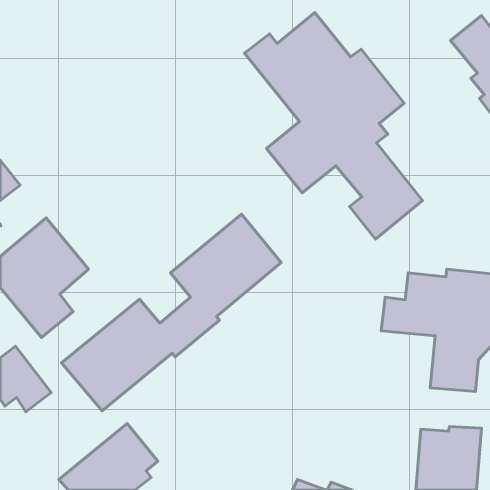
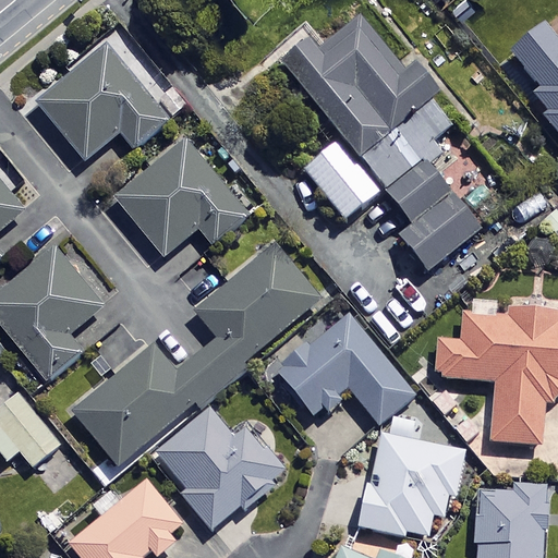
building: none -> [36,43,167,160]
building: none -> [113,135,248,255]
building: none -> [272,307,415,423]
building: none -> [157,408,289,531]
building: none -> [356,428,462,539]

